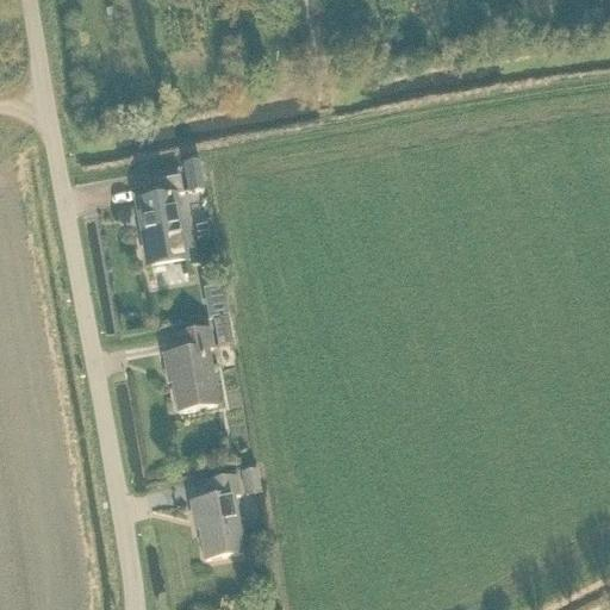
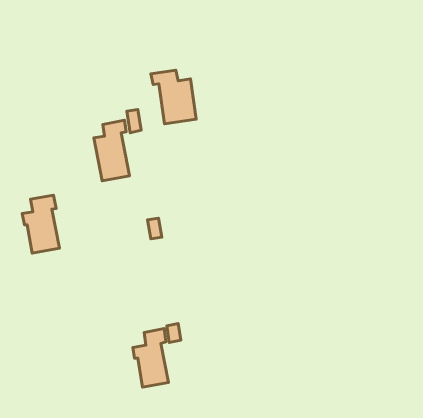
building: none -> [151,70,196,124]
building: [164,325,218,409] -> [22,195,59,253]

